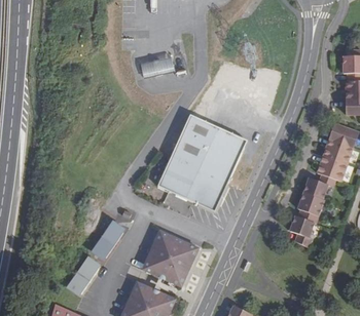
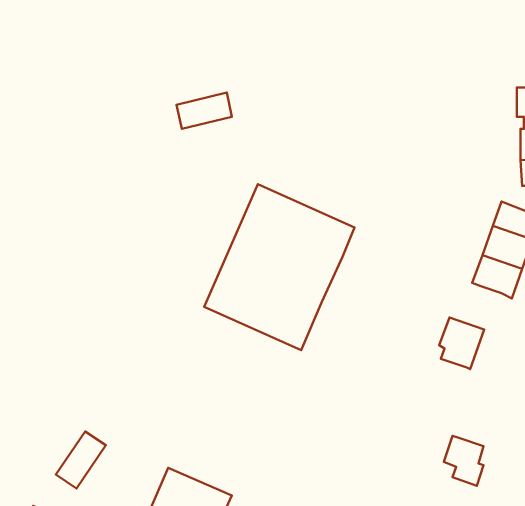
building: [302,173,333,199] -> none
building: [289,215,313,245] -> [444,436,484,486]
building: [93,224,122,258] -> none
building: [141,231,195,285] -> none

